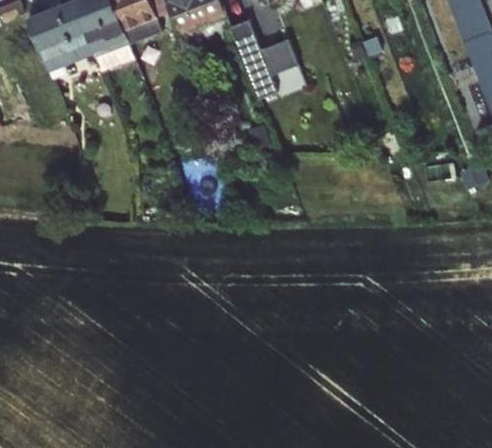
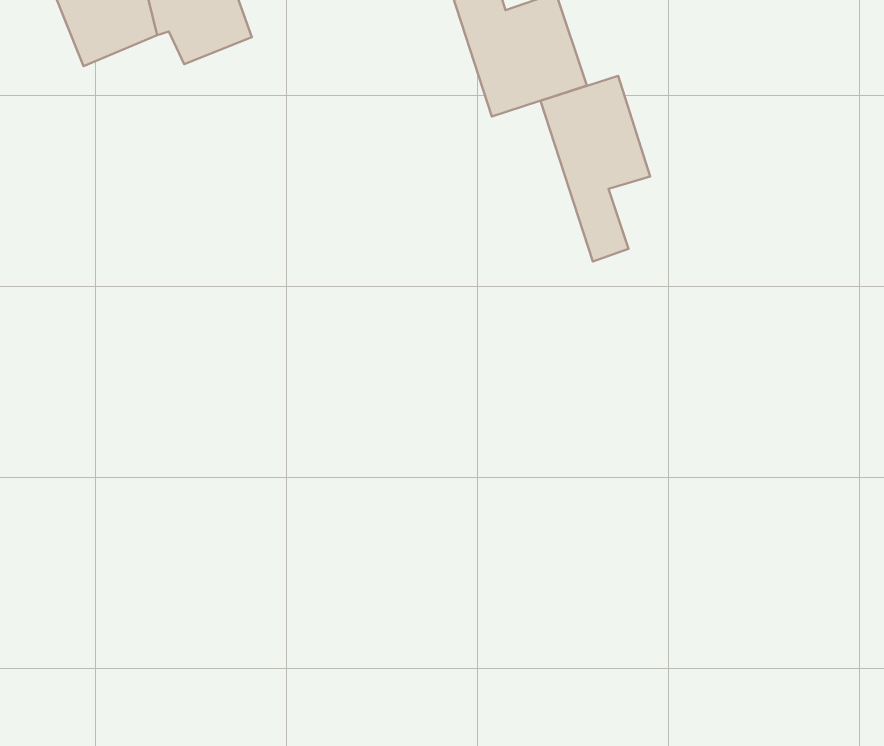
building: none -> [540,76,650,262]

